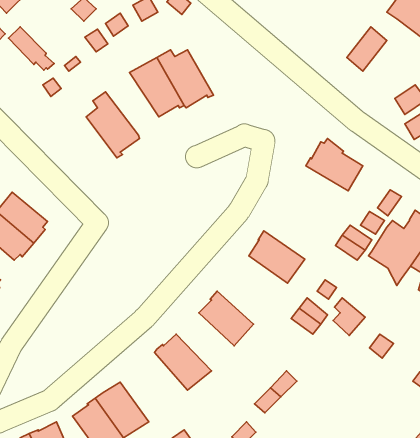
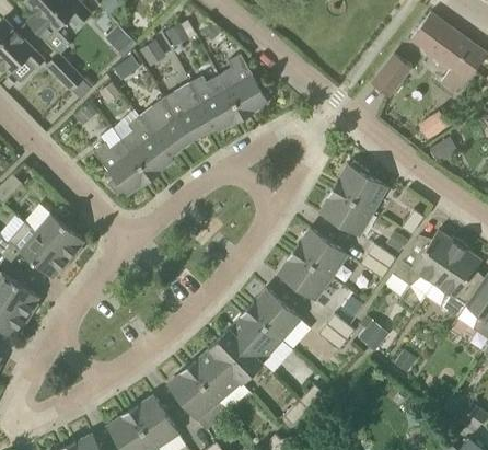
building: none -> [219,54,271,119]
building: none -> [140,97,191,158]
building: none -> [93,140,151,196]
building: none -> [319,187,373,235]
building: none -> [292,228,348,277]
building: none -> [247,288,301,339]
building: none -> [208,328,264,384]
building: none -> [167,367,219,422]

